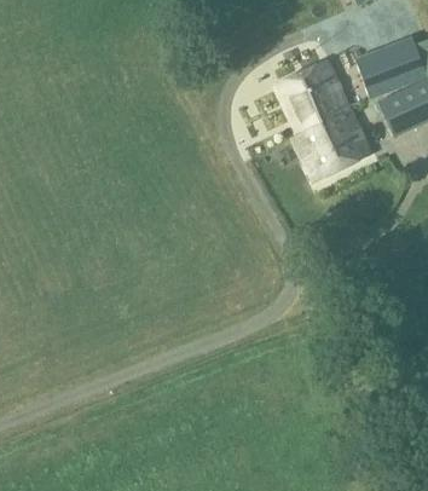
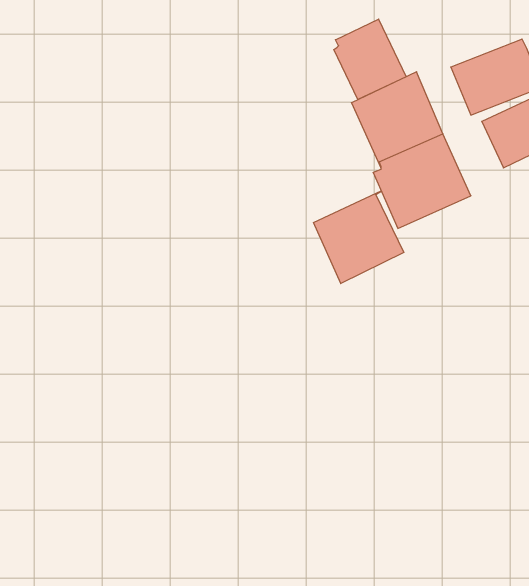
building: none -> [334,19,406,99]
building: none -> [314,191,404,284]

